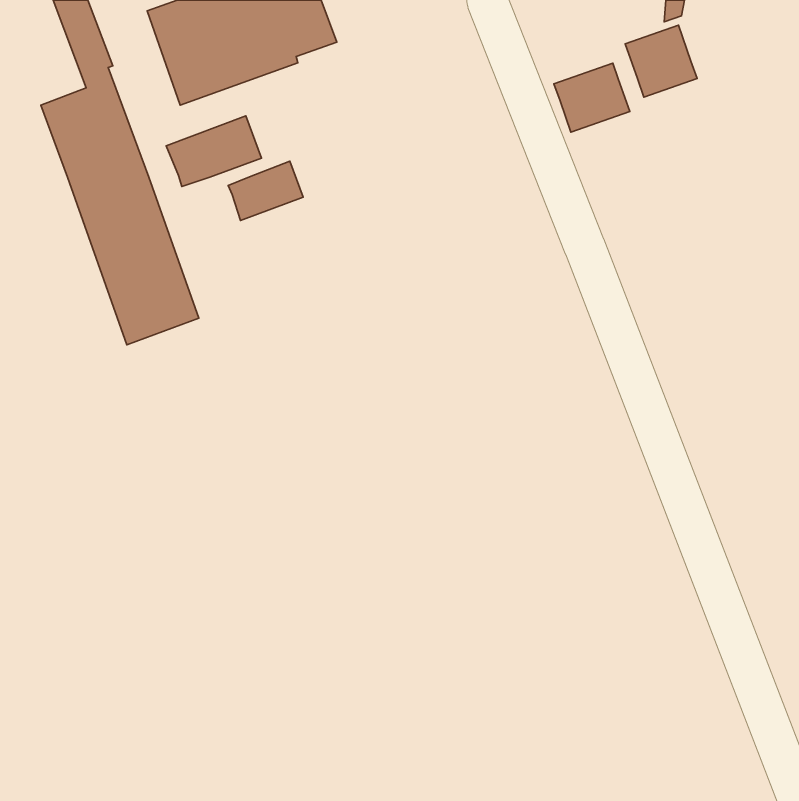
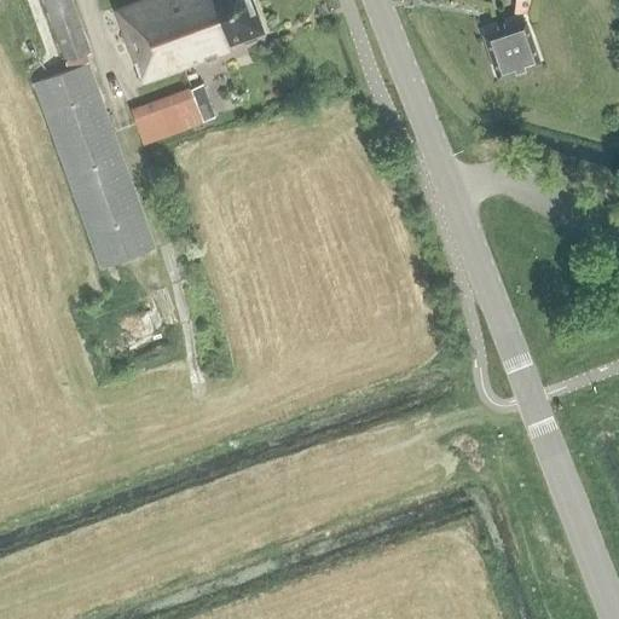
building: [554,63,630,132] -> none
building: [228,161,303,220] -> none

